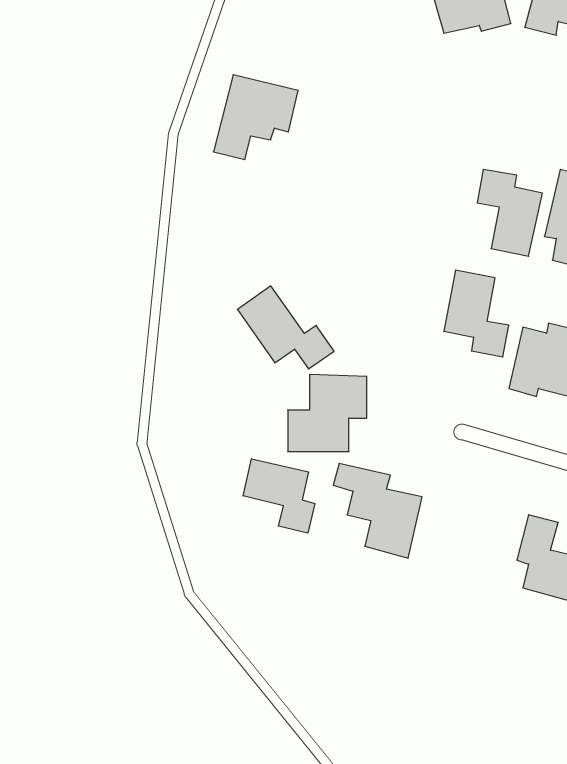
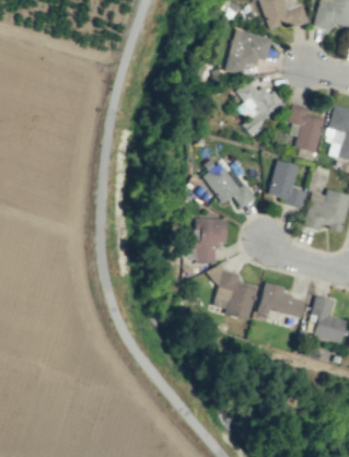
building: [213,75,298,160] -> [225,28,272,75]
building: none -> [235,80,283,133]
building: [237,286,334,369] -> [201,161,255,207]
building: [243,459,315,533] -> none
building: none -> [256,281,305,318]

